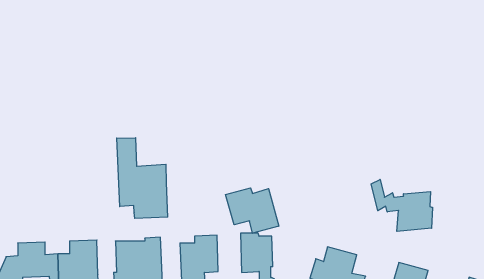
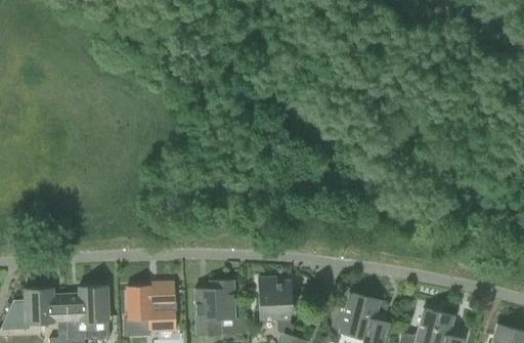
building: [117,138,168,218] -> none
building: [371,179,433,231] -> none
building: [225,188,279,233] -> none

